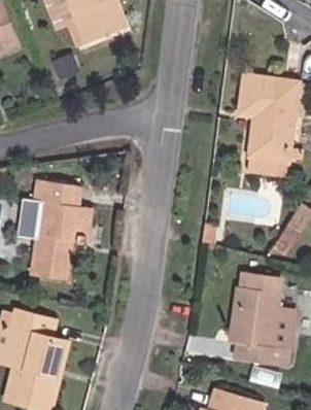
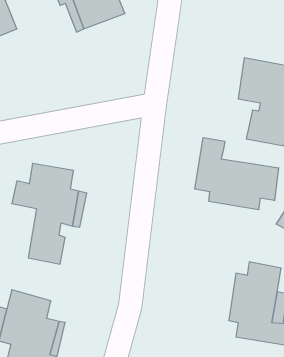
building: none -> [195,138,279,210]

